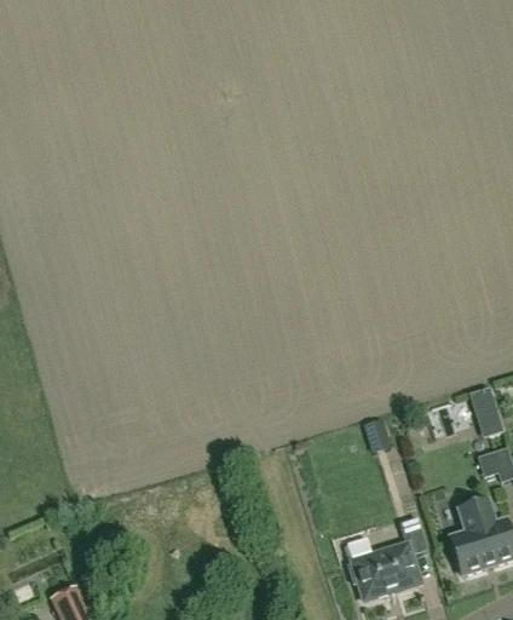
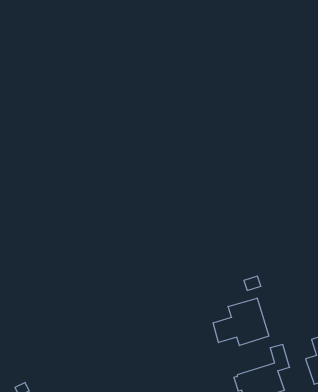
building: none -> [213,298,269,346]

